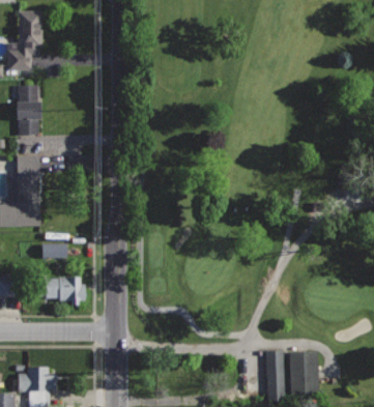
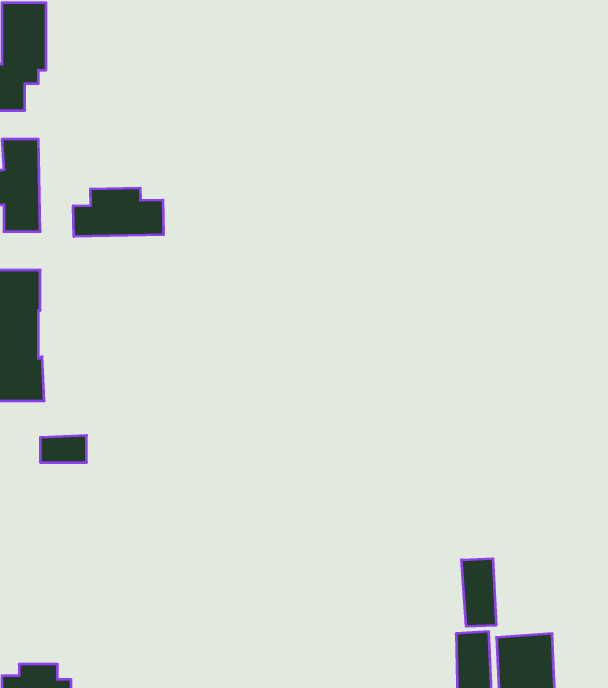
building: none -> [73,188,164,237]
building: [37,277,87,306] -> none
building: none -> [461,559,496,626]

